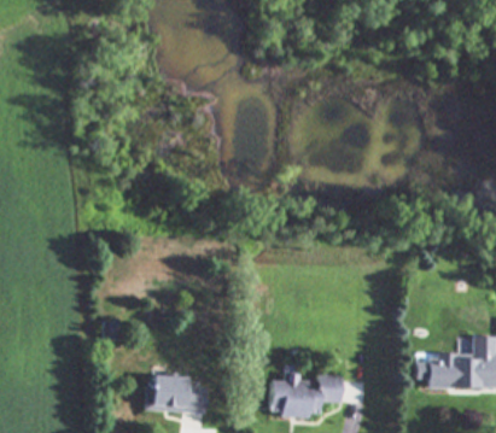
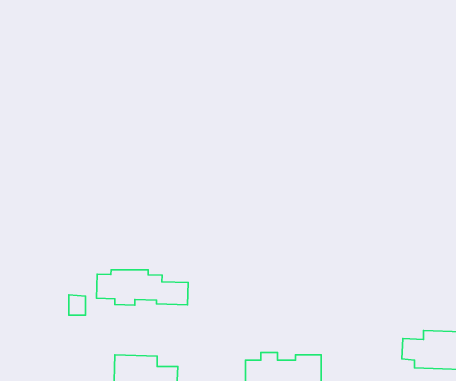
building: none -> [96,270,188,305]

